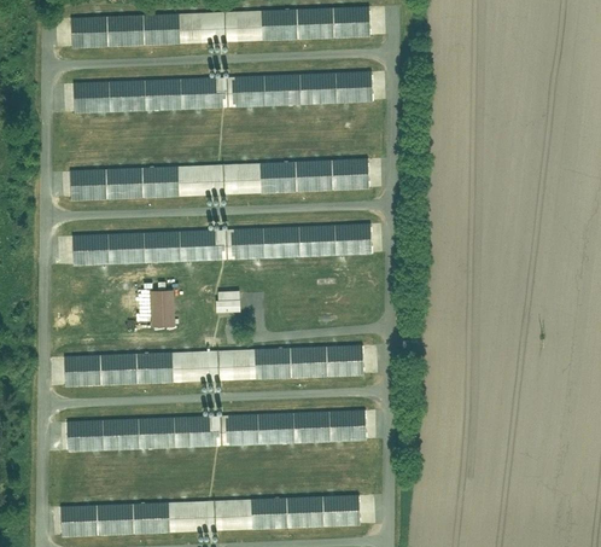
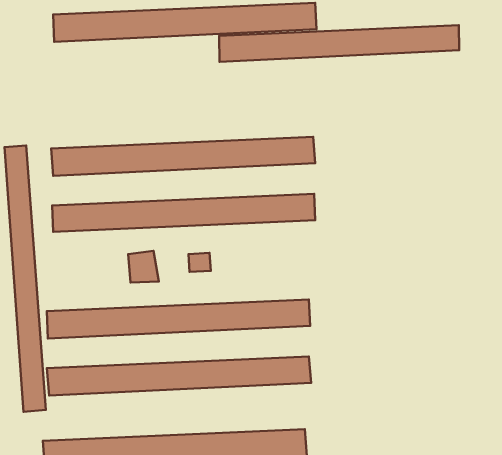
building: none -> [219,25,459,62]
building: [70,70,370,115] -> none
building: none -> [5,145,46,412]

